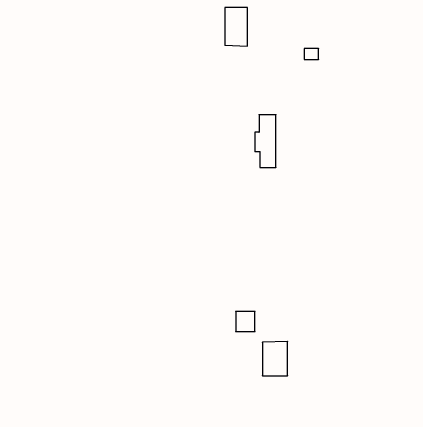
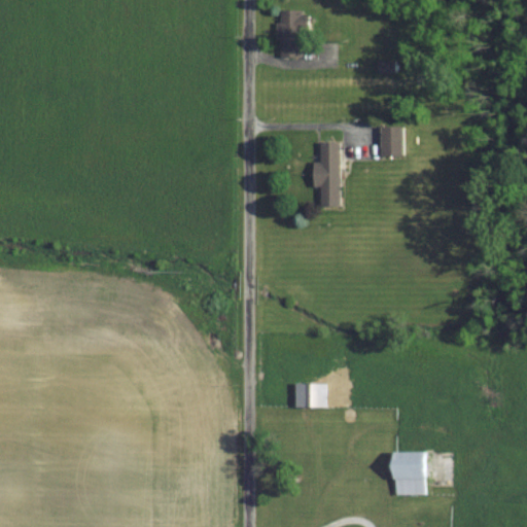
building: none -> [379,127,403,155]
building: [262,341,288,376] -> [395,452,426,494]

